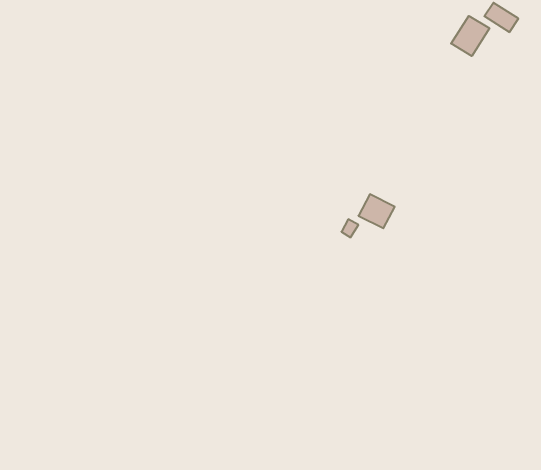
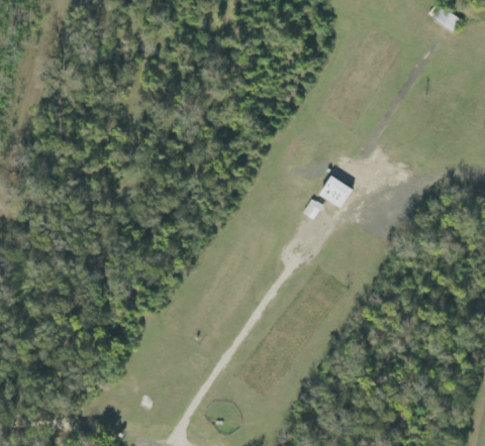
building: [451,16,489,56] -> none

